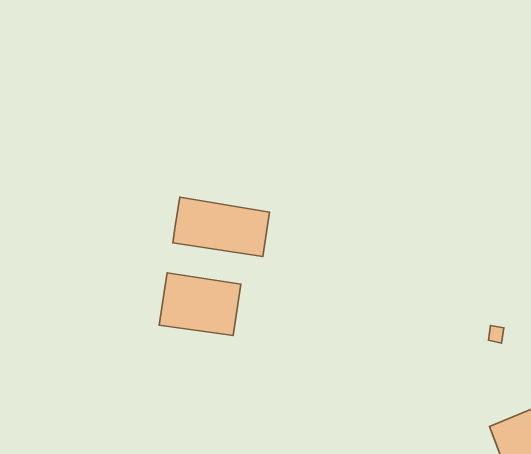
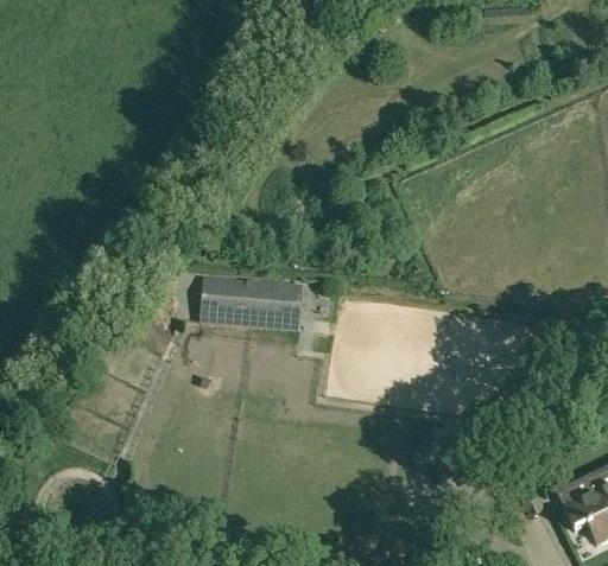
building: [159,273,241,335] -> none

